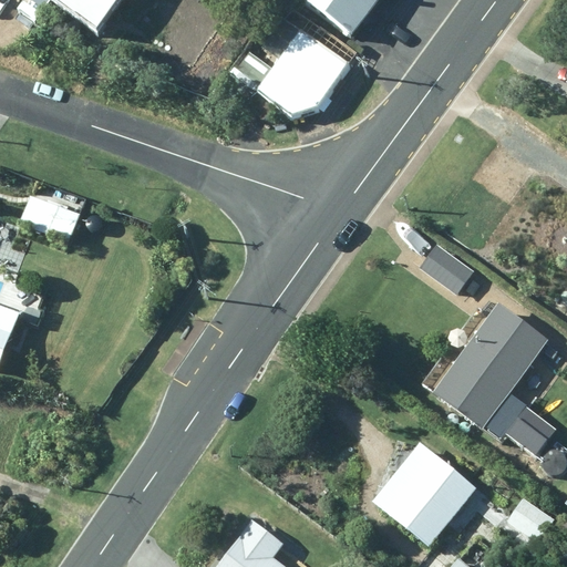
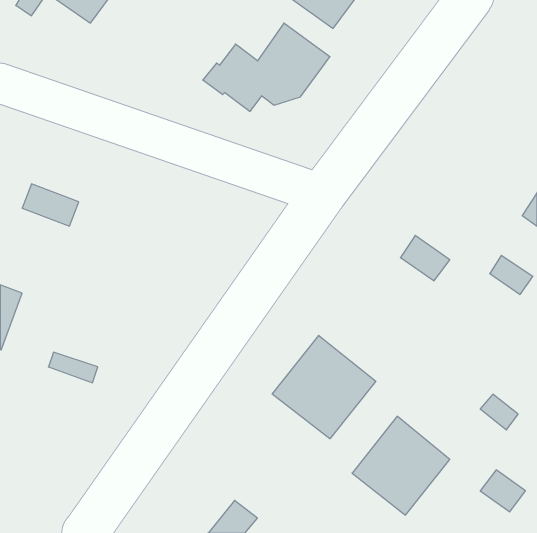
building: [439,311,553,436] -> none
building: none -> [272,335,376,439]

